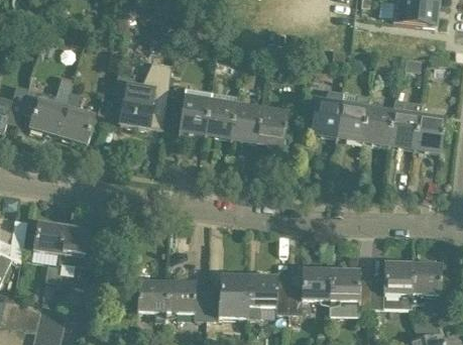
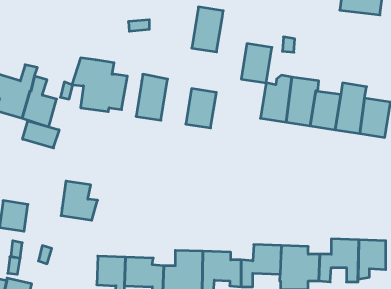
building: [204,94,237,141] -> [192,7,223,52]
building: [256,108,288,149] -> [241,44,272,83]
building: none -> [23,121,59,148]
building: [59,226,97,267] -> [61,181,98,220]

